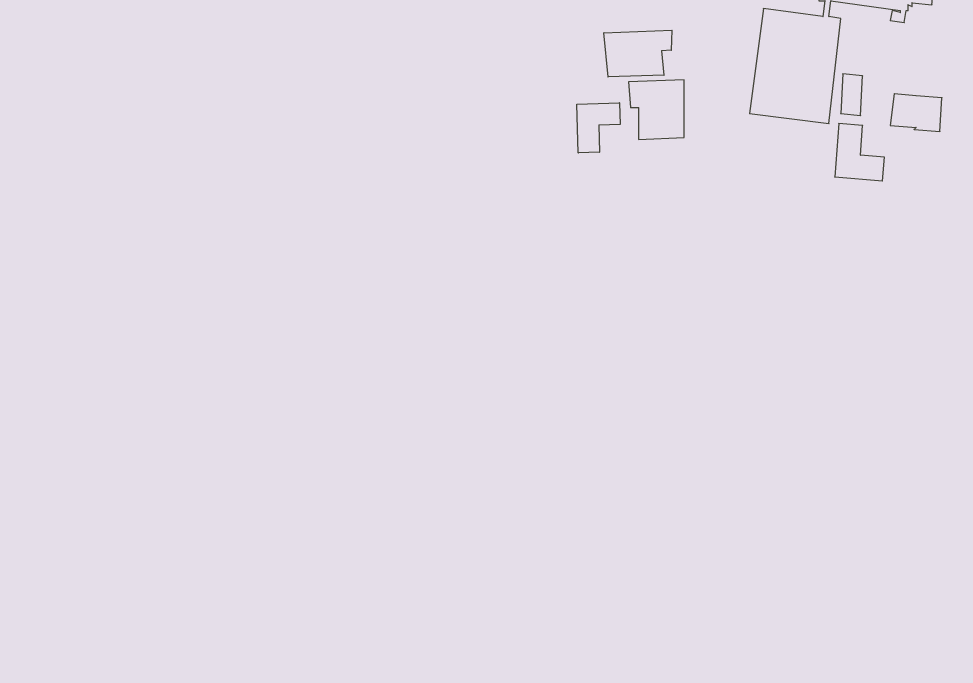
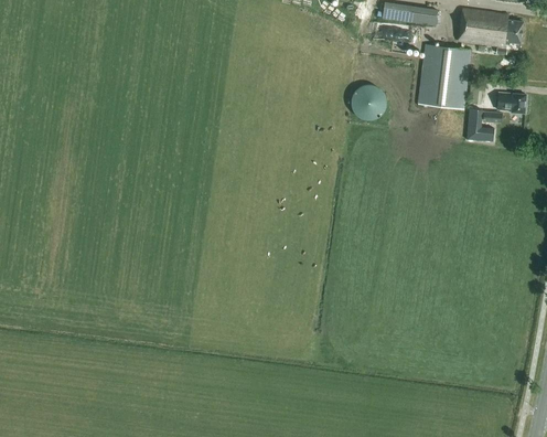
building: [604,30,672,77] -> none
building: [577,103,620,153] -> none

